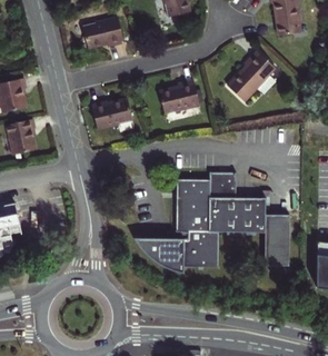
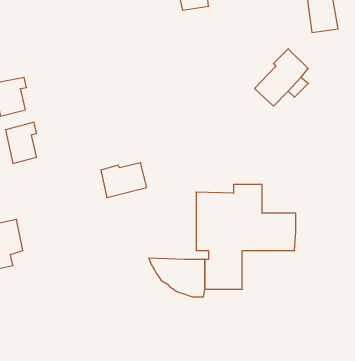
building: [81,16,122,47] -> none
building: [155,78,198,112] -> none
building: [90,96,131,127] -> [101,163,147,198]
building: [262,215,288,265] -> none

